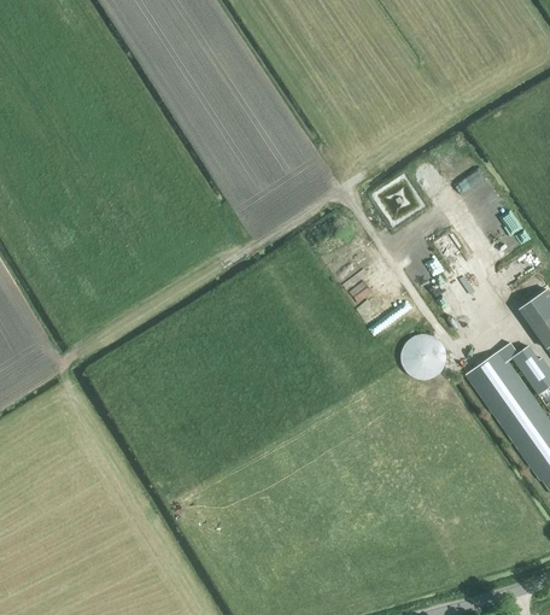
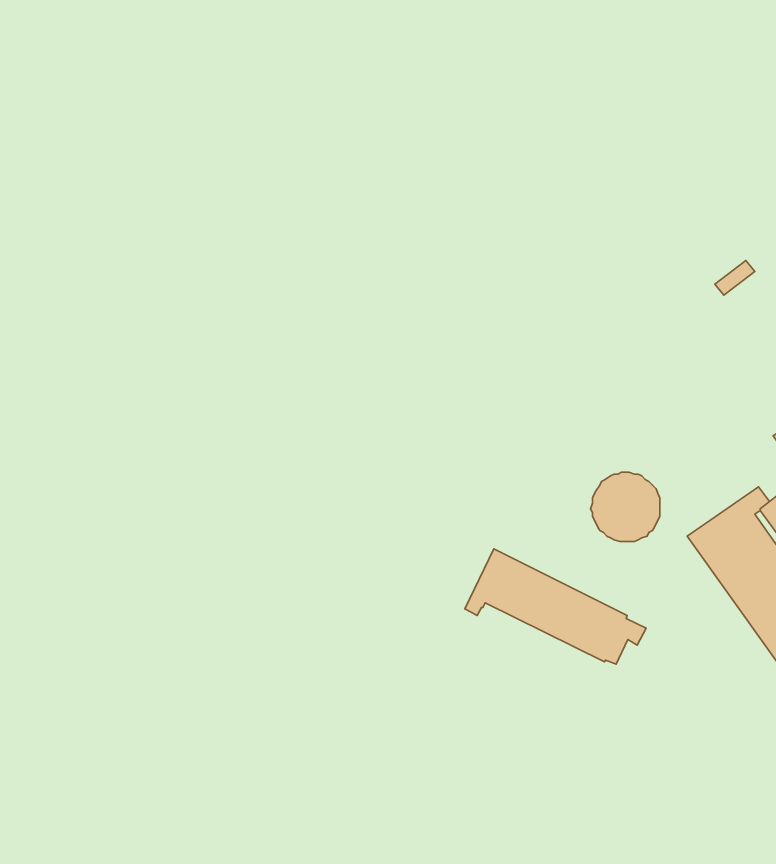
building: none -> [465,549,646,664]

